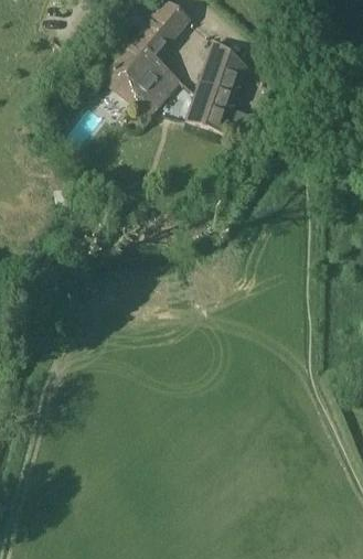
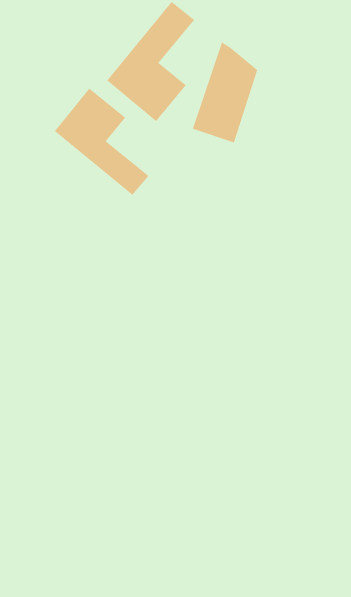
building: none -> [54,88,149,196]

